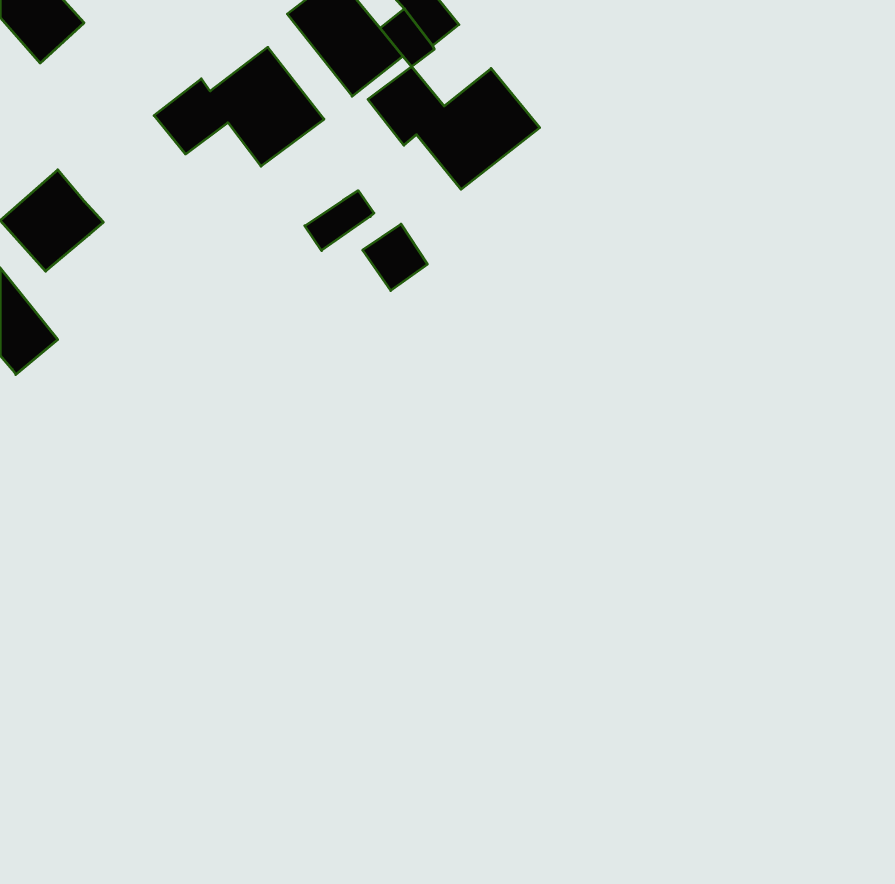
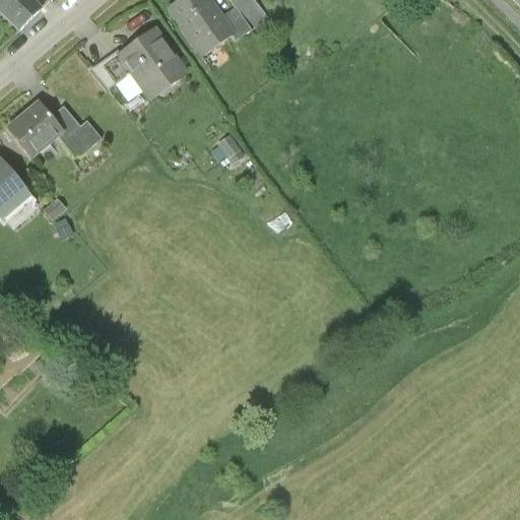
building: [368,67,540,189] -> none
building: none -> [49,106,102,161]
building: [305,191,374,251] -> none

